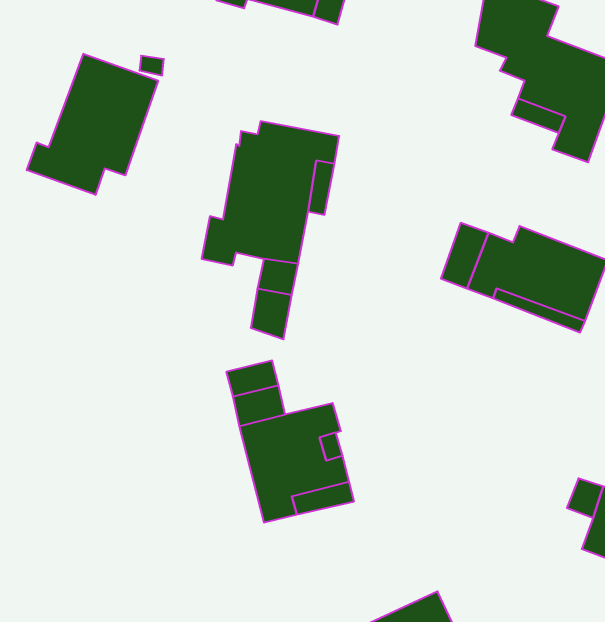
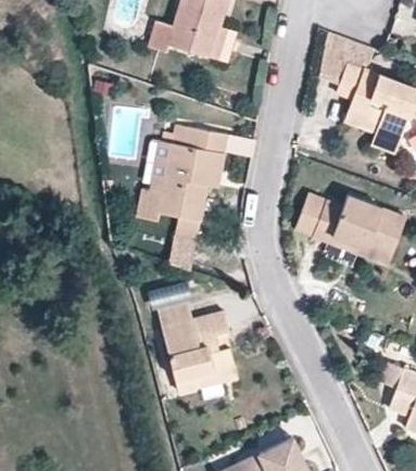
building: [27,54,158,195] -> none

